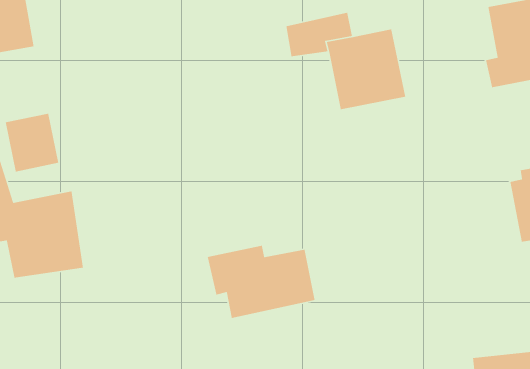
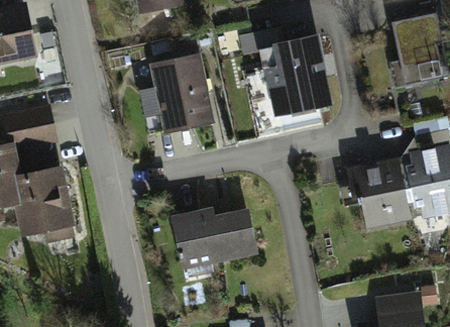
building: none -> [152,55,214,132]
building: none -> [346,158,409,227]

